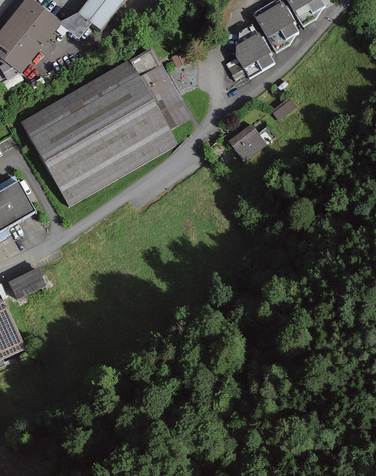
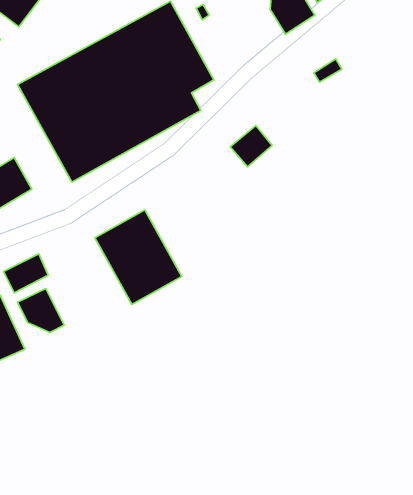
building: [229,125,265,160] -> [230,126,272,167]
building: none -> [95,210,182,305]
building: none -> [18,289,64,332]

